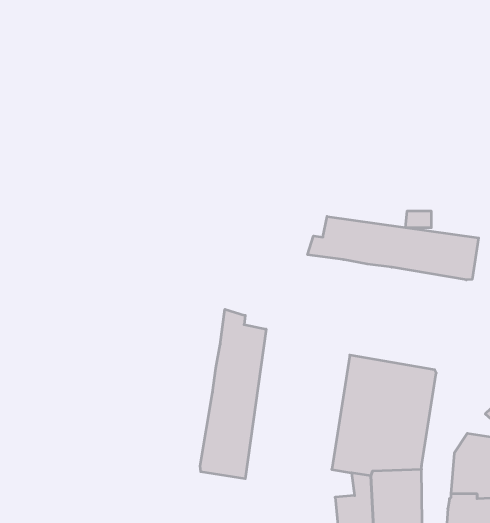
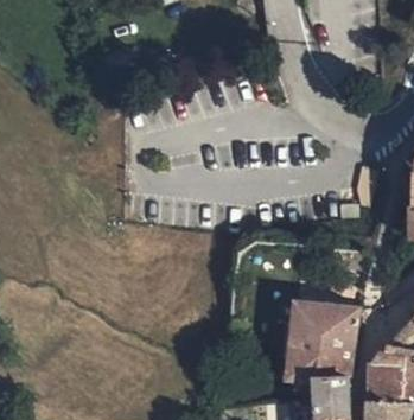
building: [308,216,479,280] -> none
building: [200,309,266,479] -> none

